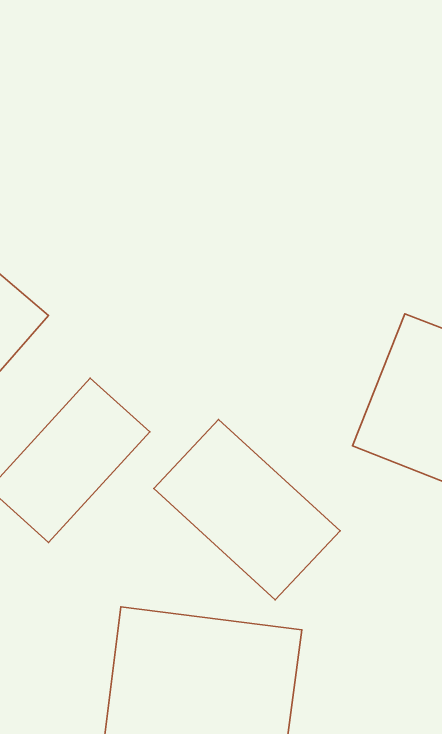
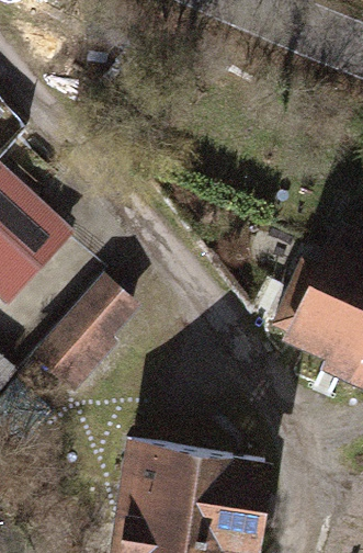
building: [154,419,340,600] -> none

